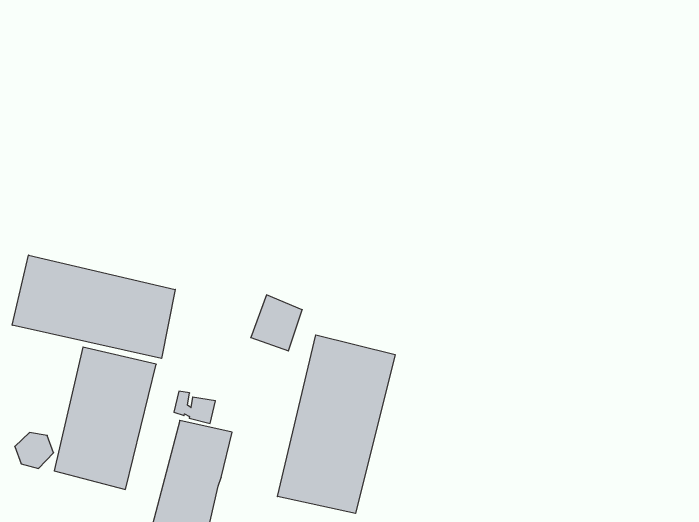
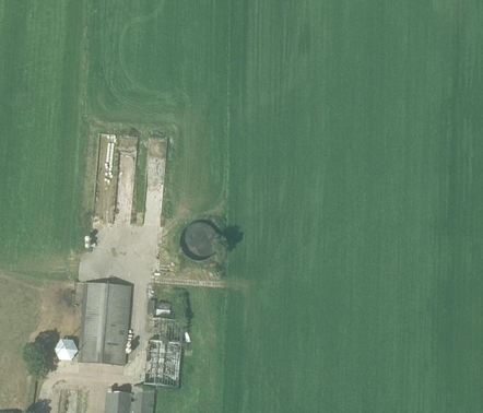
building: [12,255,175,358] -> none
building: [277,335,395,513] -> none

